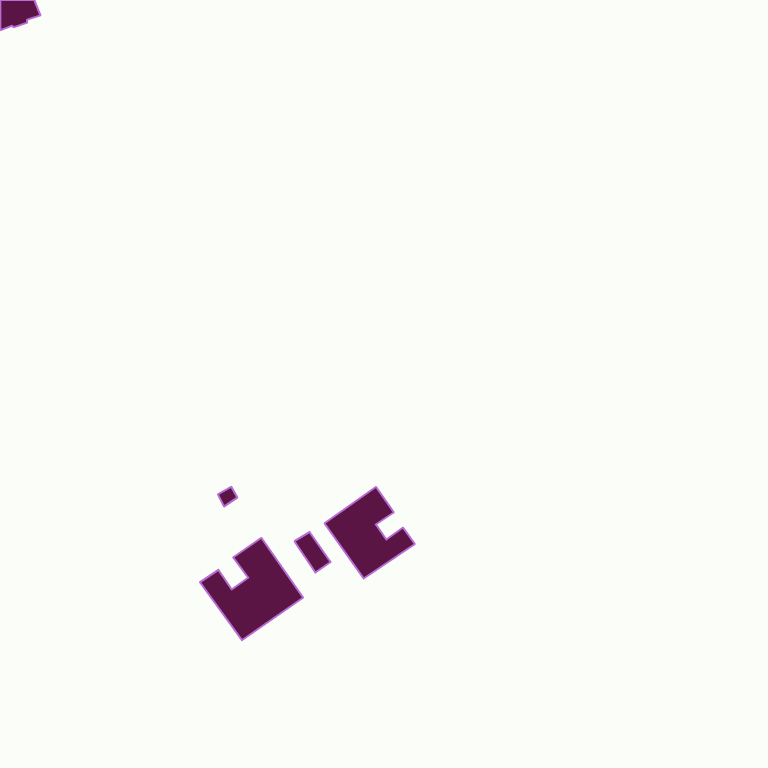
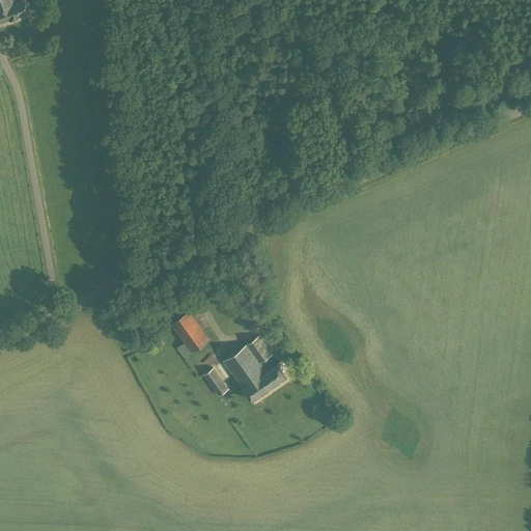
building: none -> [171,310,211,358]
building: [200,538,303,640] -> none

